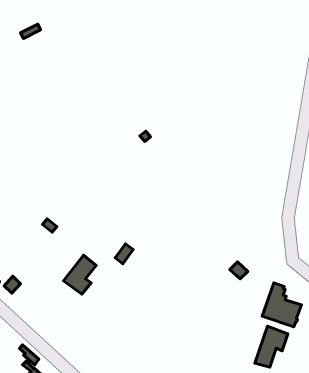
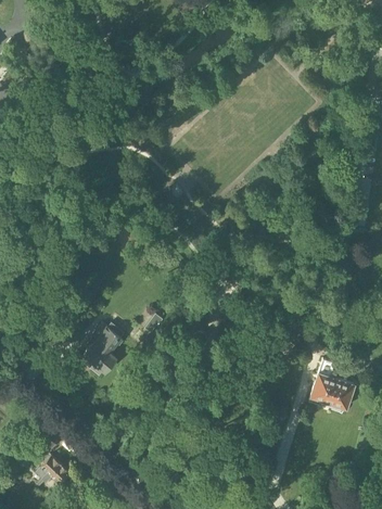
building: [255,326,288,367] -> none

